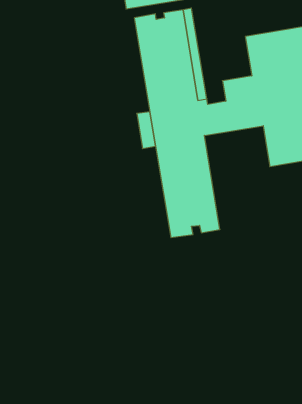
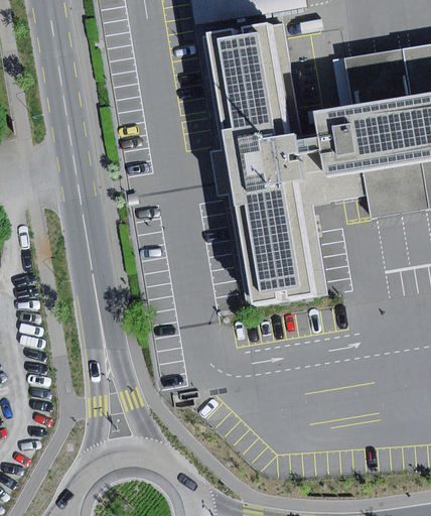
building: none -> [294,167,371,295]

